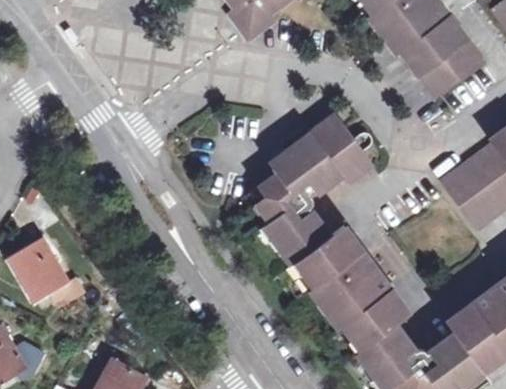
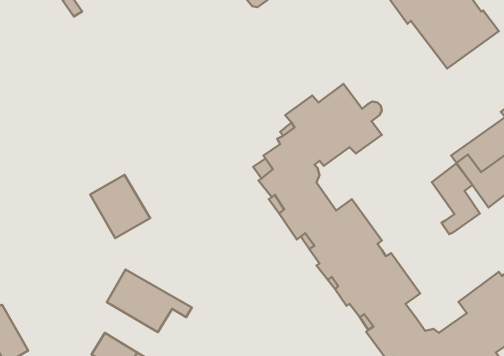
building: none -> [432,163,480,234]
building: [10,237,68,298] -> [90,175,150,238]
building: none -> [107,269,192,332]

